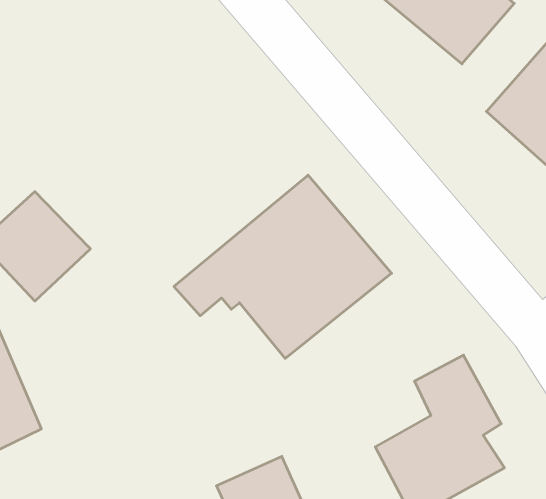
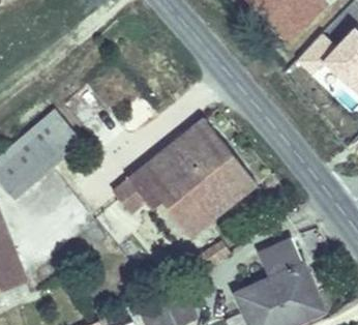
building: none -> [27,105,87,164]

